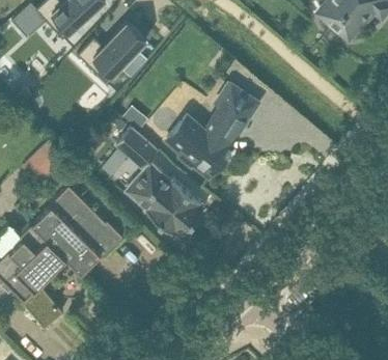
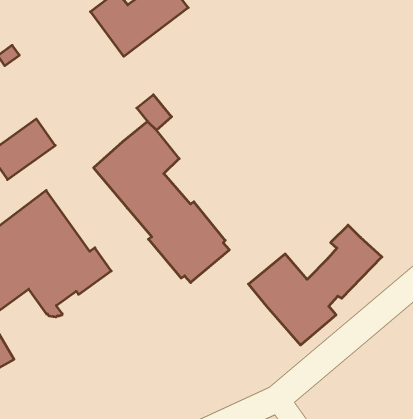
building: [166,84,258,175] -> [248,225,382,345]

